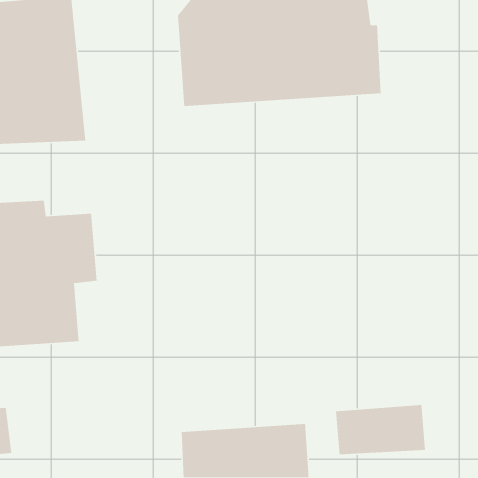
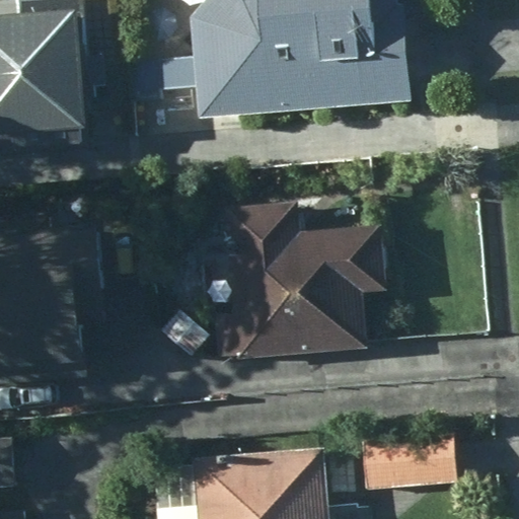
building: none -> [221,203,384,363]

